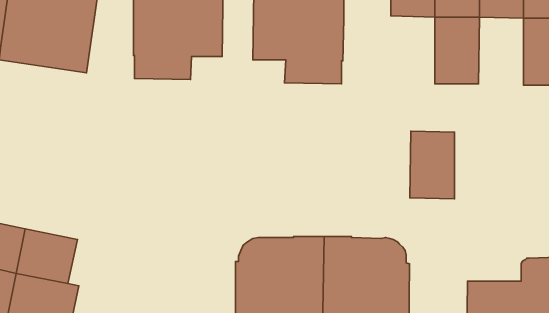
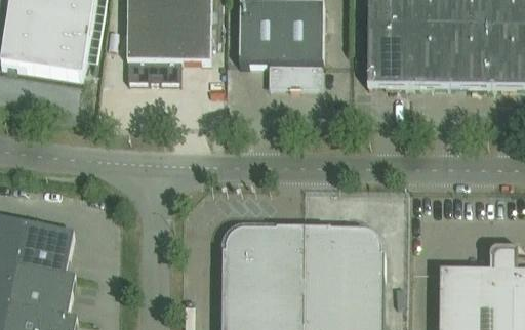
building: none -> [450,20,492,84]
building: [410,131,455,199] -> [367,19,409,83]

